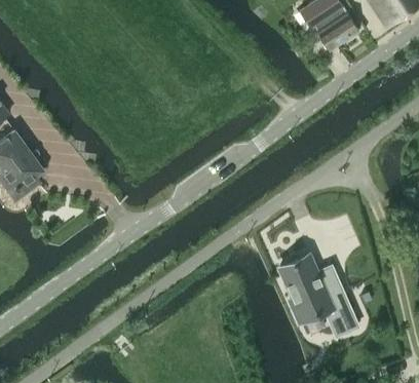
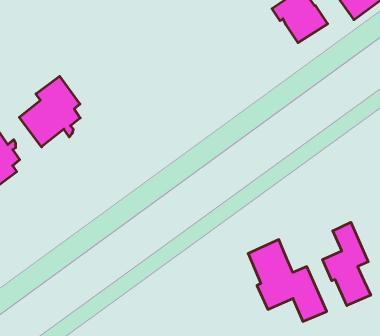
building: none -> [19,76,80,147]
building: none -> [323,222,371,306]

